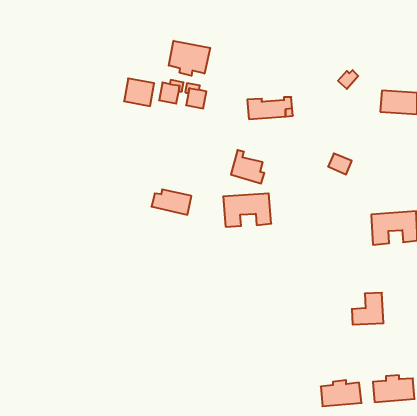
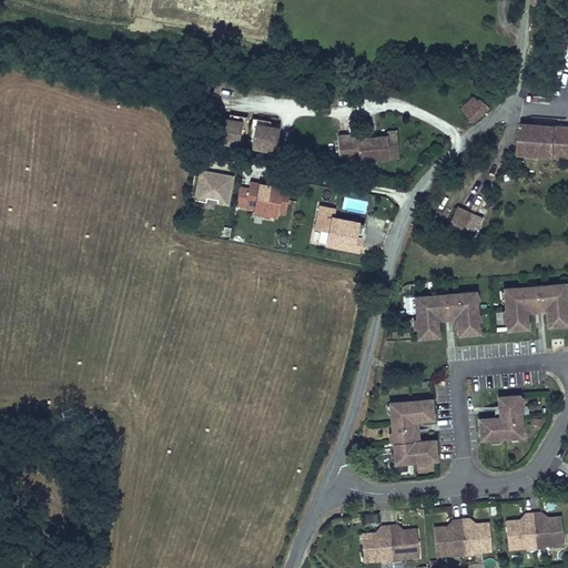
building: [169,41,210,76] -> none
building: [124,78,154,106] -> [193,170,234,207]
building: [151,189,191,215] -> [236,178,291,212]
building: [223,193,271,227] -> [414,294,479,339]
building: none -> [390,403,434,466]
building: none -> [363,525,419,558]

